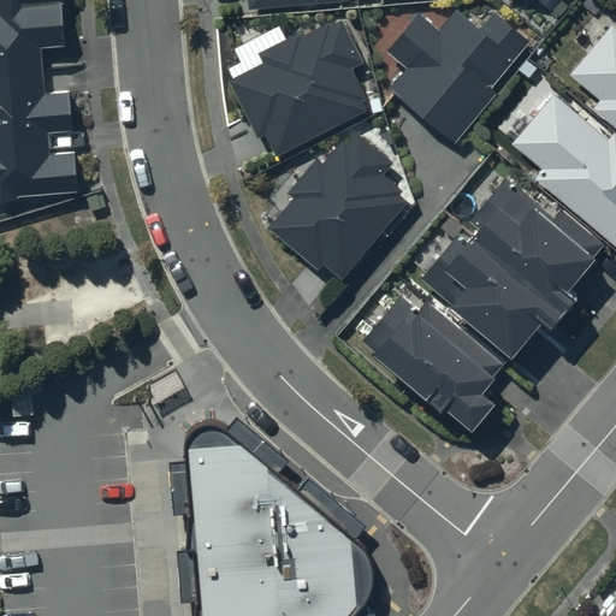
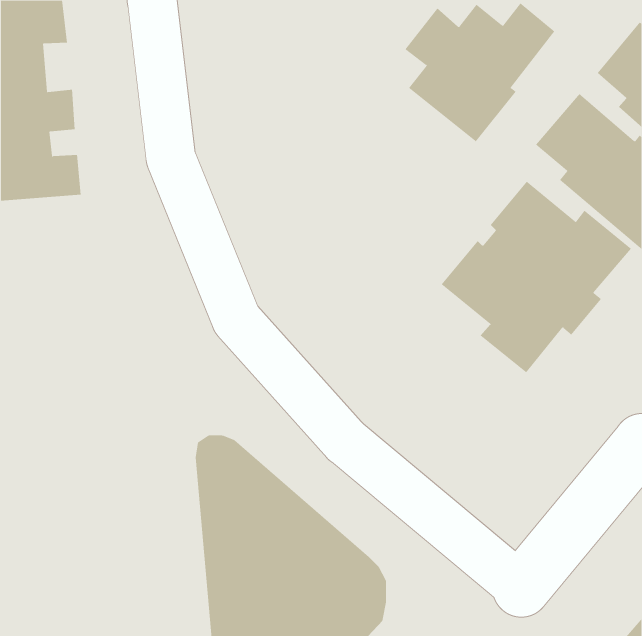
building: [230,23,366,158] -> none
building: [270,135,408,280] -> none
building: [362,296,504,426] -> none

